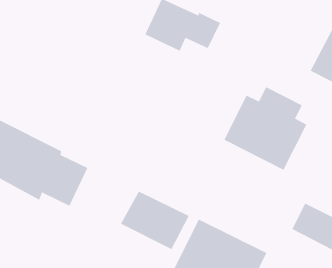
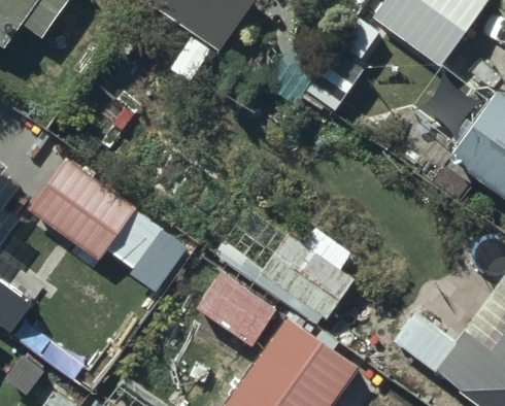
building: [224,87,307,171] -> [255,228,357,331]

